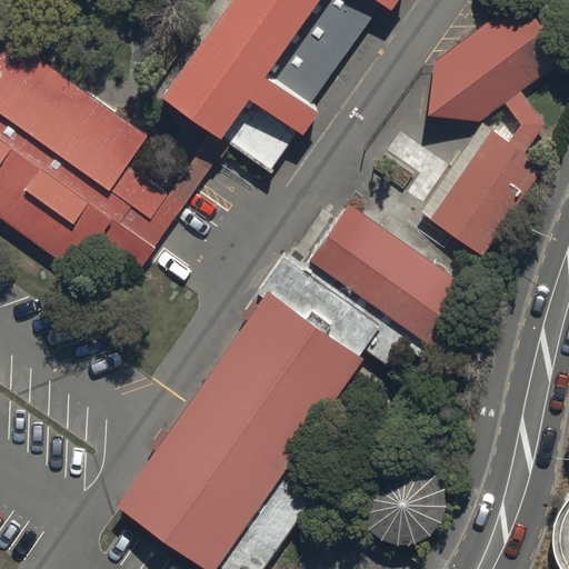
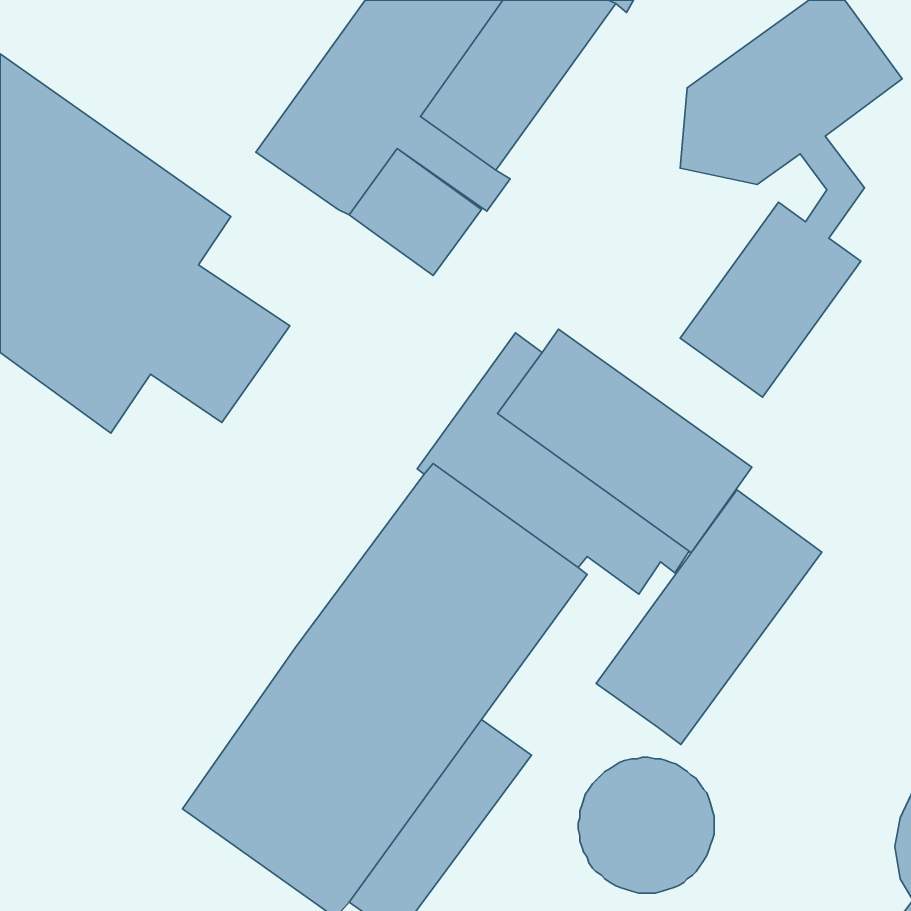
building: none -> [596,489,822,745]

